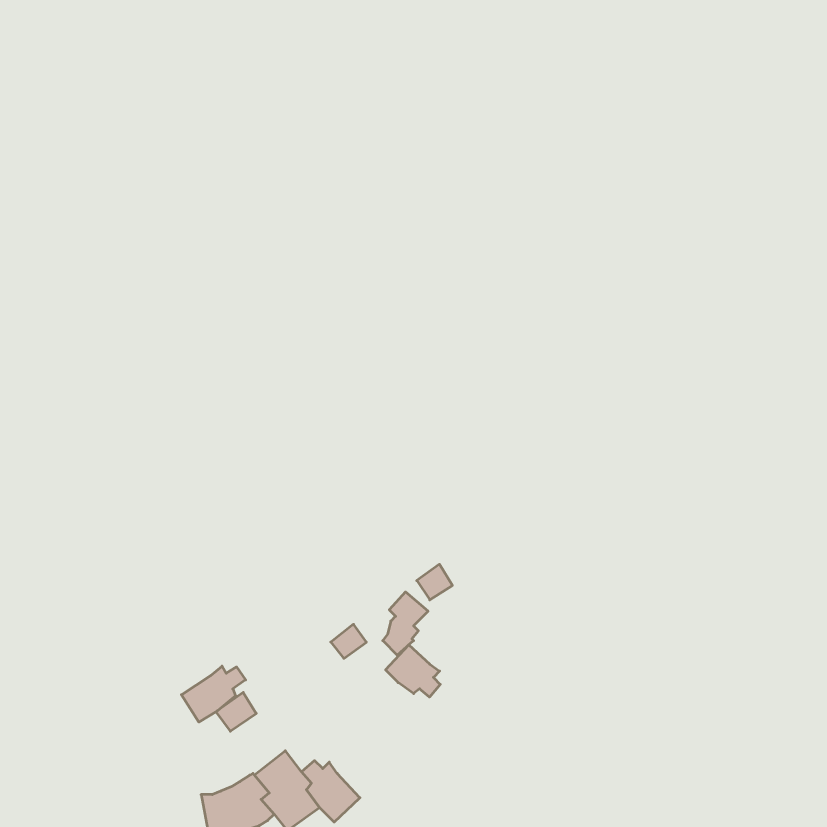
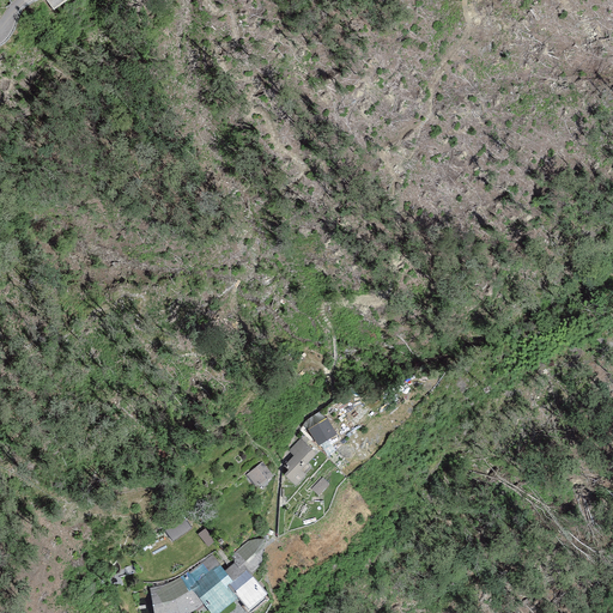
building: [386,645,440,697] -> none
building: [181,666,246,722] -> none
building: none -> [227,539,262,572]

